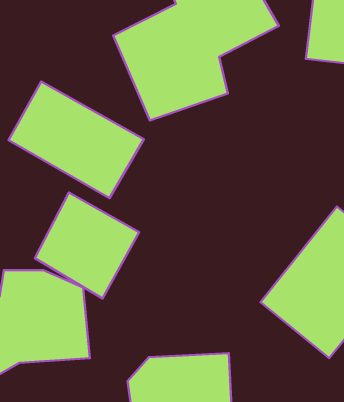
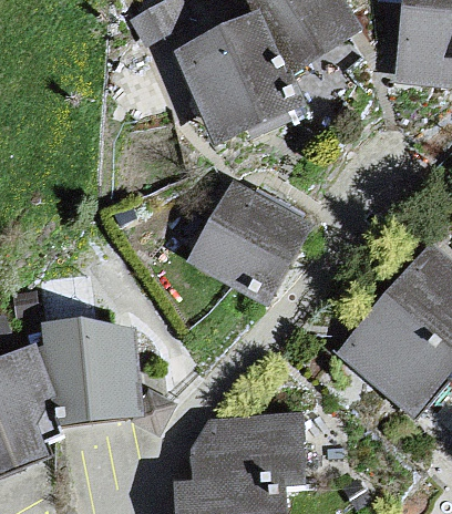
building: [8,82,144,198] -> none
building: [35,192,139,299] -> [187,181,307,302]

